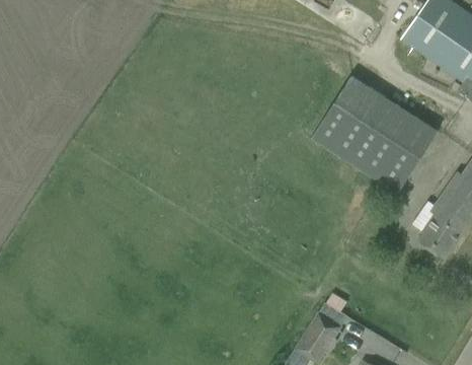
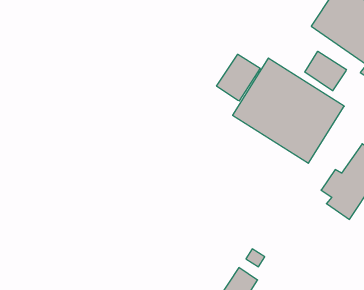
building: none -> [305,51,346,91]
building: none -> [217,54,260,101]

